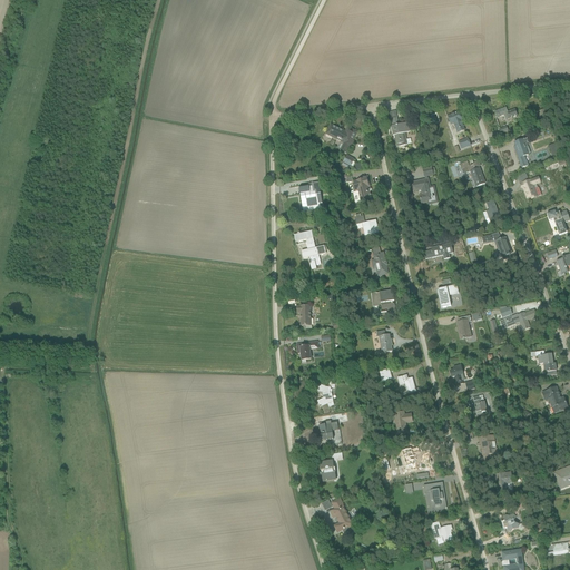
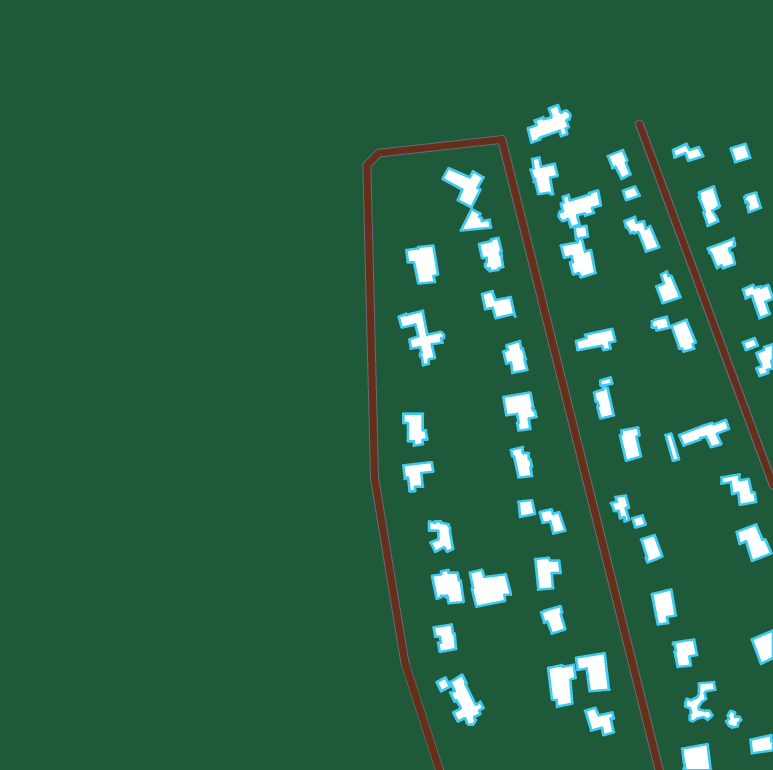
building: none -> [528,105,570,143]
building: none -> [559,190,601,227]
building: none -> [470,570,511,607]
building: none -> [548,665,576,707]

